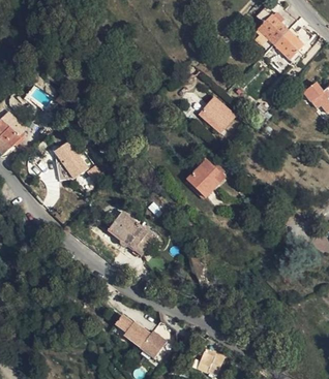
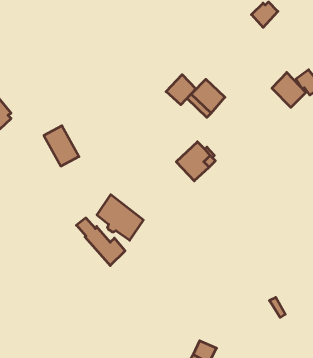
building: [271,30,304,64] -> [272,72,306,107]
building: none -> [166,75,196,105]
building: [115,317,162,364] -> [76,218,125,266]

